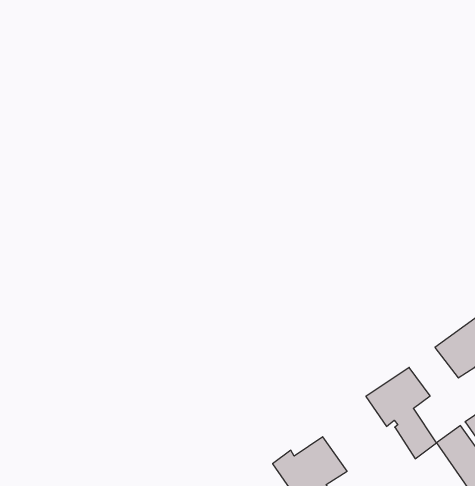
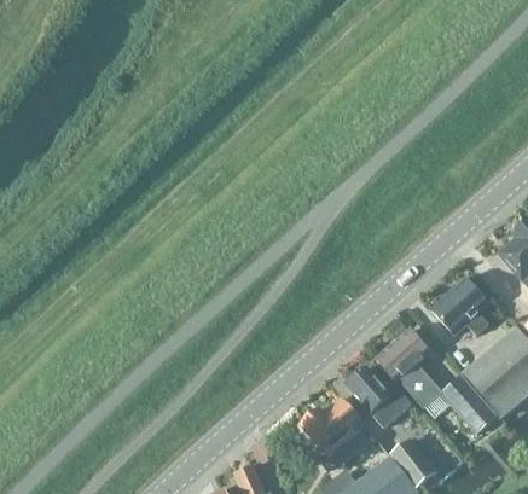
building: none -> [346,367,410,426]

